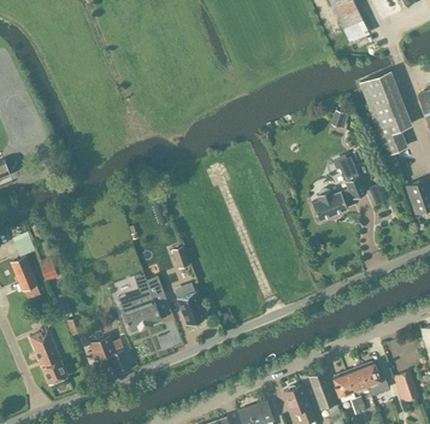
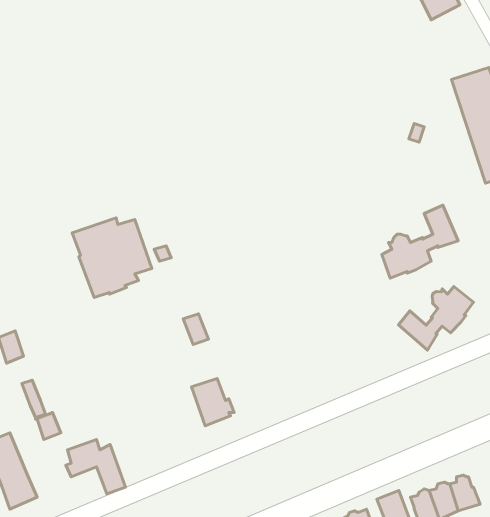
building: none -> [399,287,473,350]
building: [113,275,170,331] -> [72,218,152,298]

